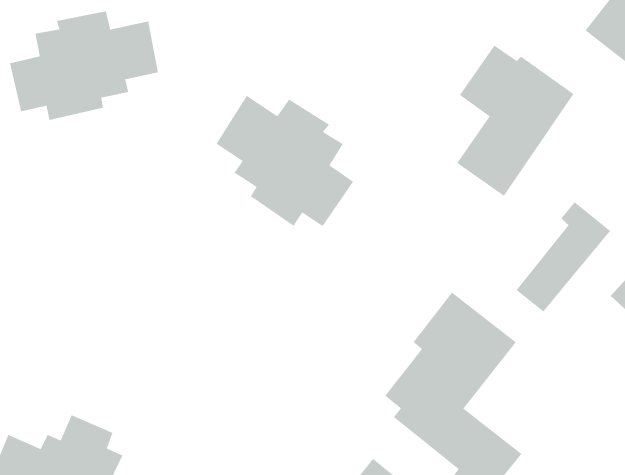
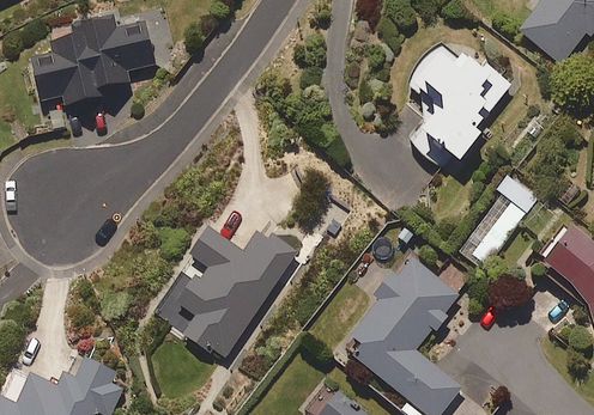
building: [215,95,354,227] -> none
building: none -> [160,222,302,360]

